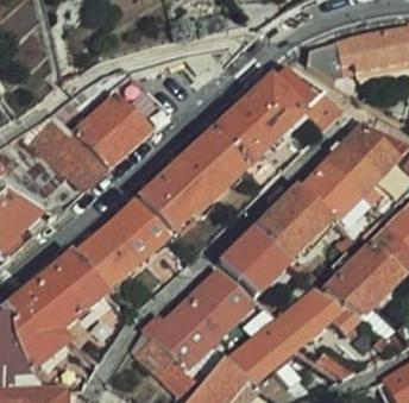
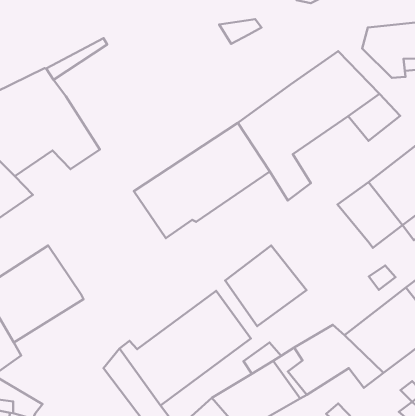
building: [70,84,168,172] -> none
building: [252,187,331,288] -> none
building: [73,201,166,291] -> none

